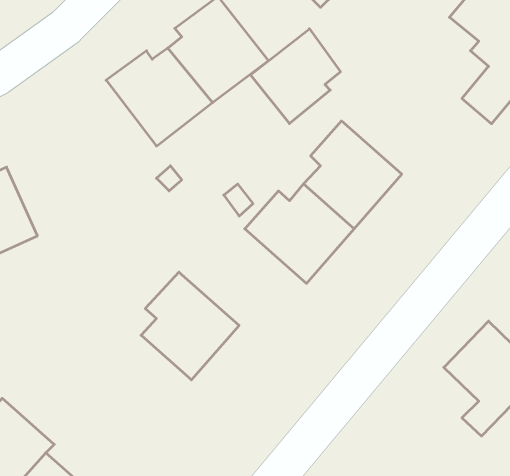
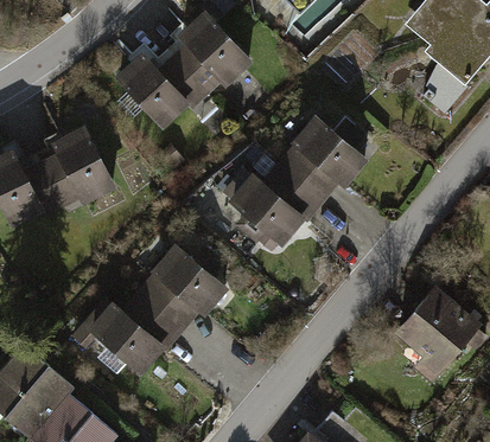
building: [251,29,340,124] -> none
building: none -> [31,120,107,210]
building: none -> [89,294,187,370]

